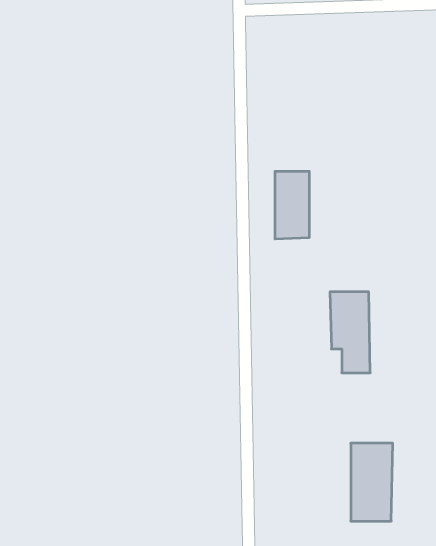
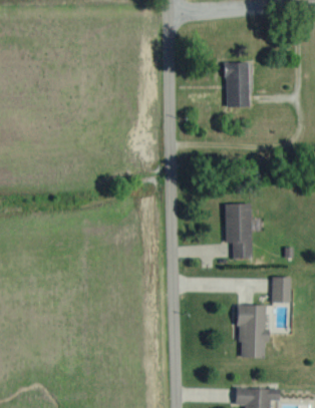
building: [275,171,309,239] -> [226,62,249,107]
building: none -> [271,277,290,302]

